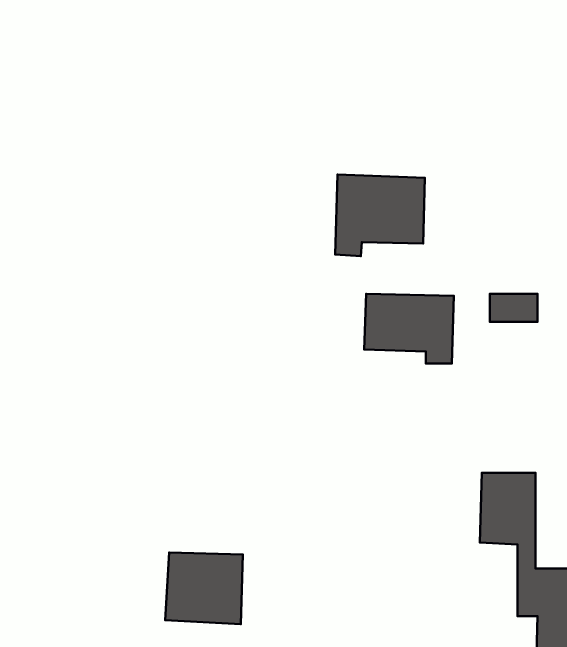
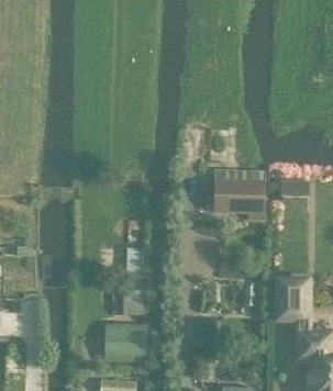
building: [335,175,425,256] -> none
building: none -> [112,248,146,316]

